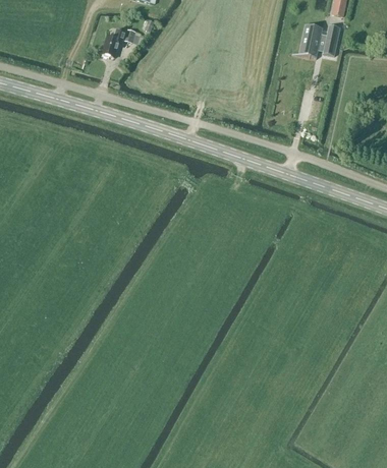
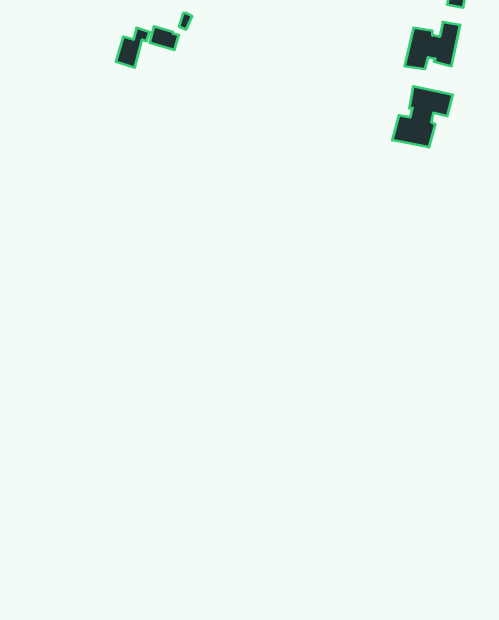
building: none -> [392,86,453,147]

